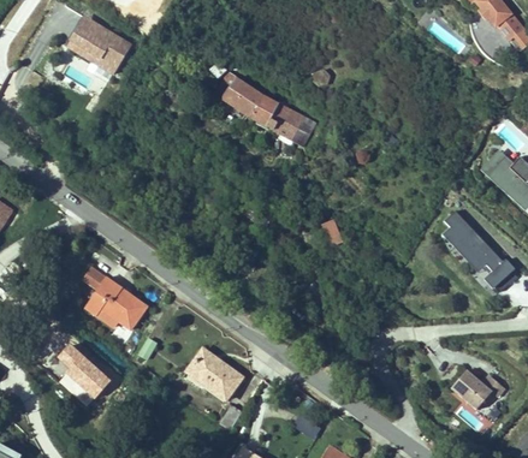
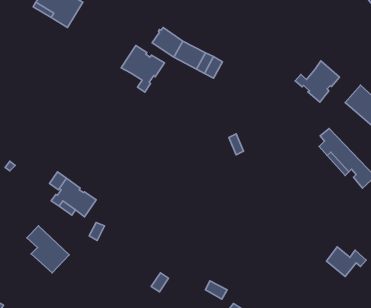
building: none -> [121,46,164,92]
building: none -> [295,61,340,102]
building: [188,349,242,399] -> none

